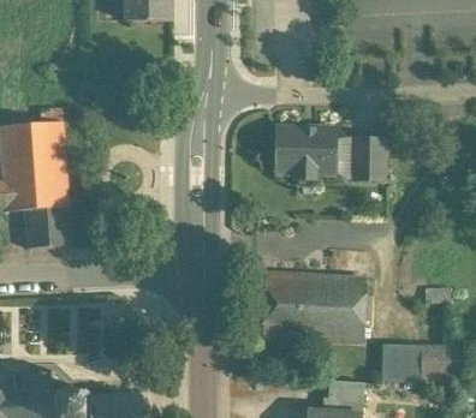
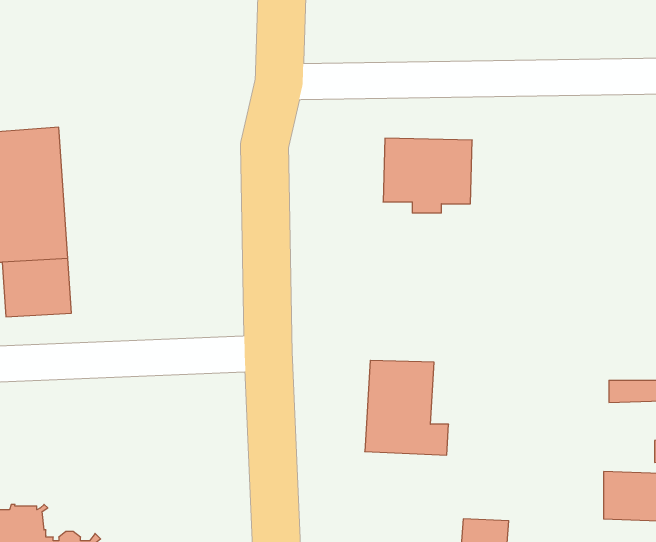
building: [353,138,385,179] -> none
building: [308,276,364,340] -> none
building: [382,345,422,380] -> none

